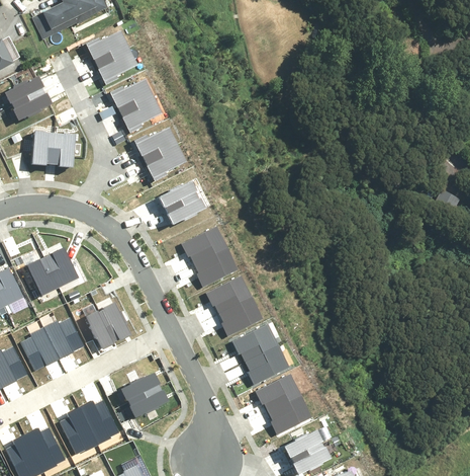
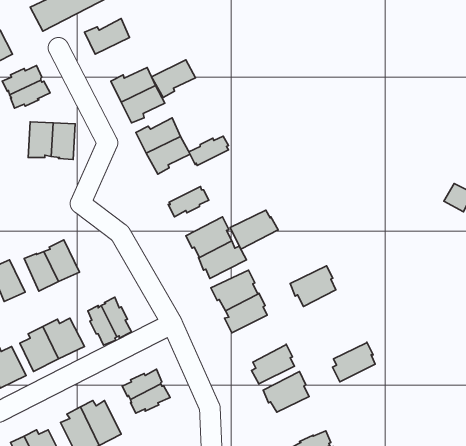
building: [94,49,136,85] -> [152,60,195,98]
building: [158,180,196,209] -> [189,136,228,165]
building: none -> [230,210,278,249]
building: [233,324,278,364] -> [290,266,336,306]
building: [269,396,310,434] -> [332,342,375,382]

